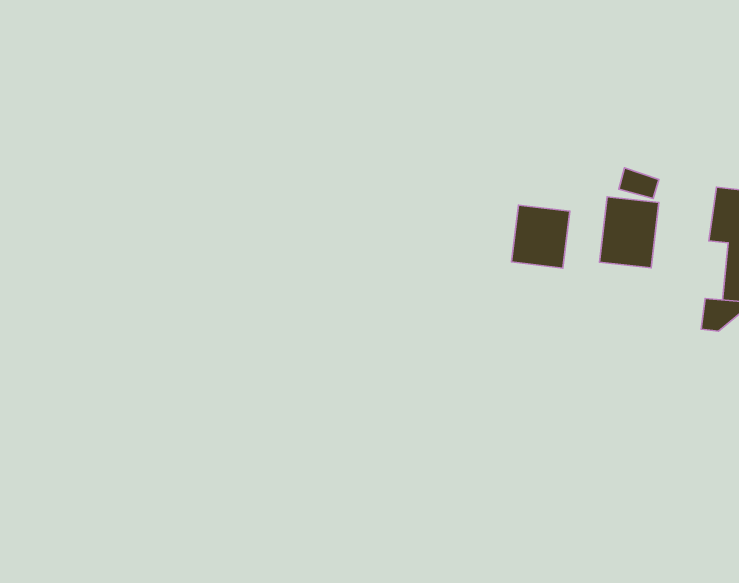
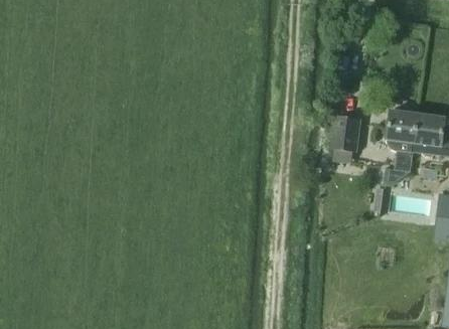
building: [512,205,570,268] -> none

